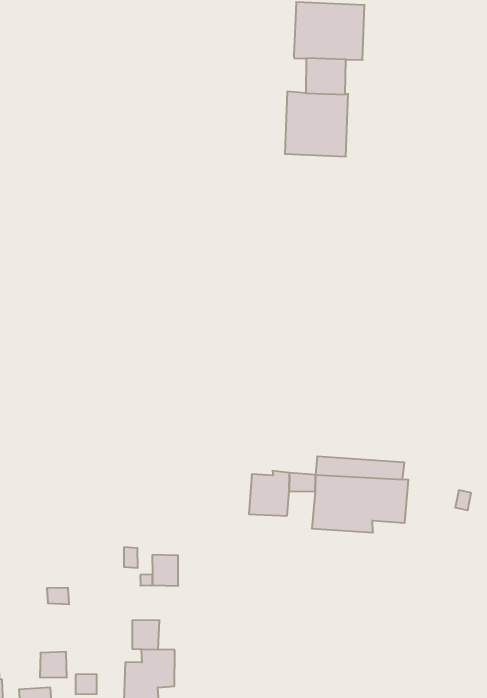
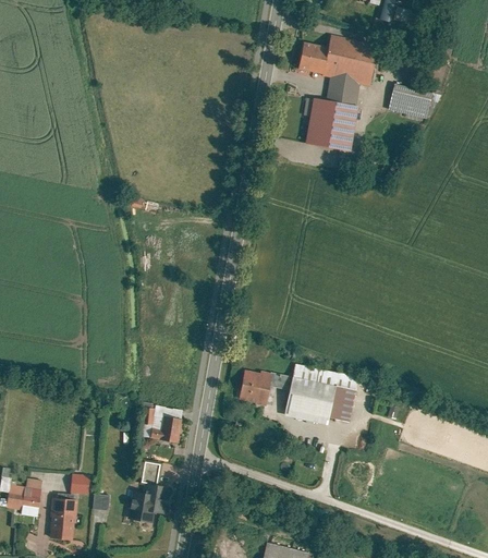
building: none -> [297,43,328,73]
building: none -> [387,84,431,120]

